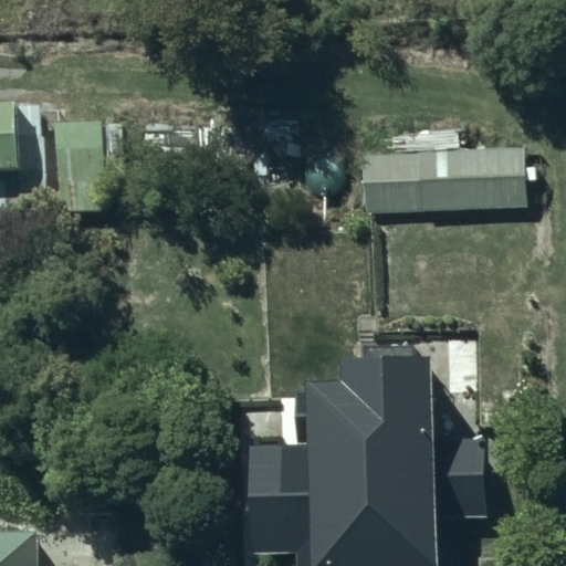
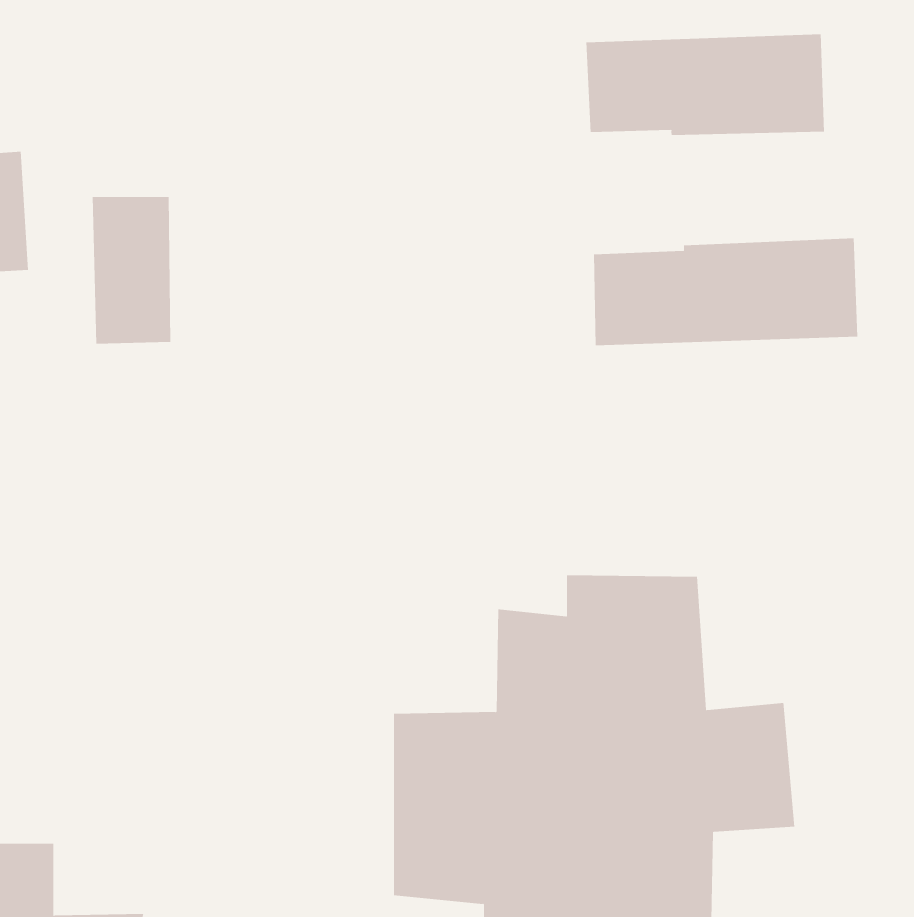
building: none -> [586,34,824,136]

